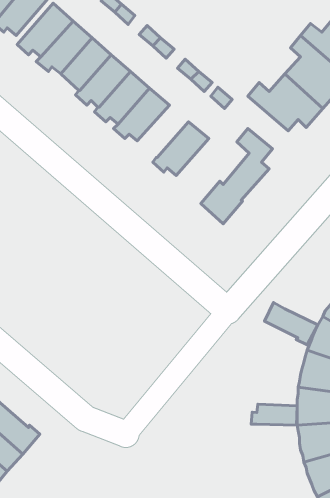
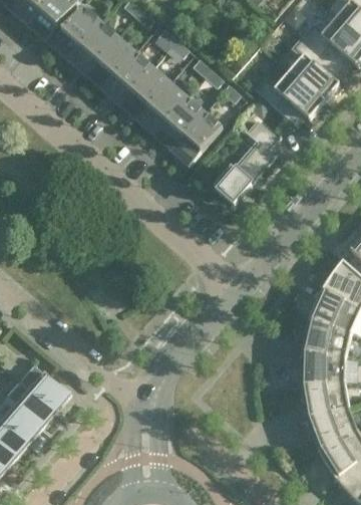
building: none -> [153,98,204,146]
building: [264,303,318,345] -> none
building: [251,404,297,425] -> none

